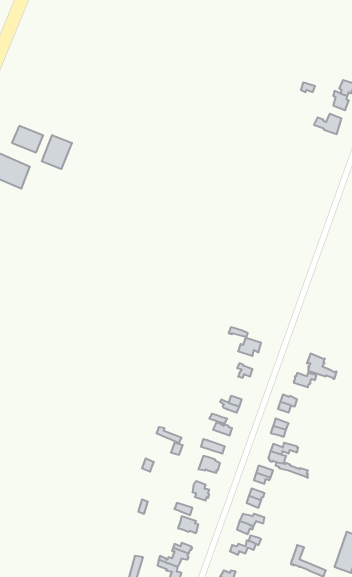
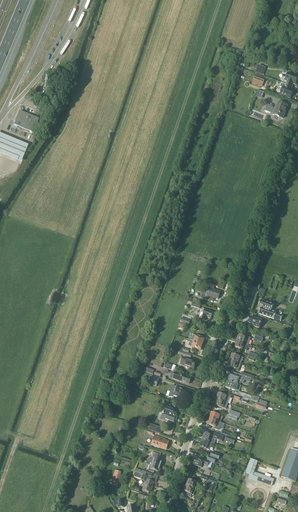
building: [42,135,72,169] -> none

